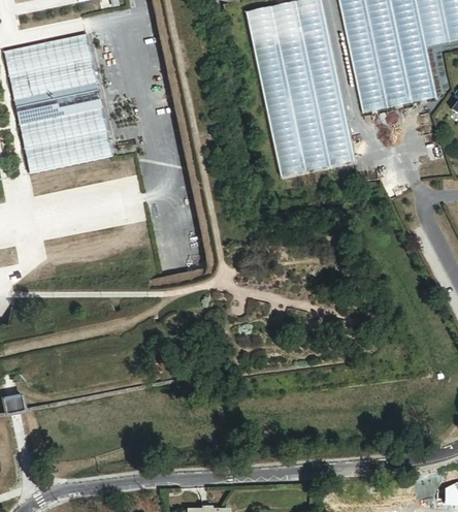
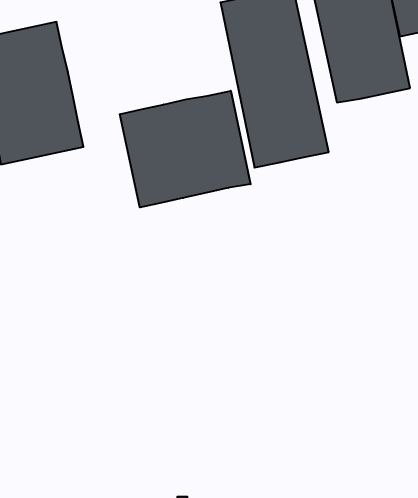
building: none -> [120,91,251,207]

